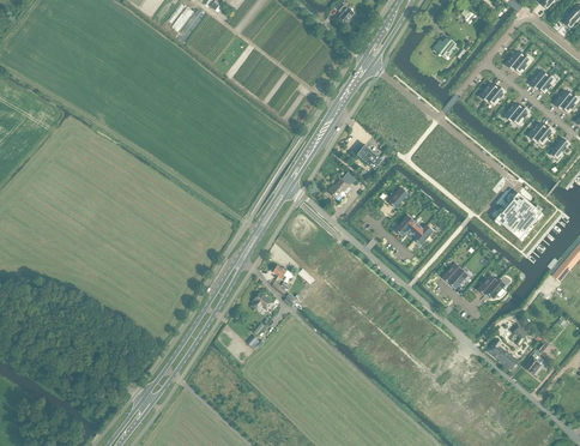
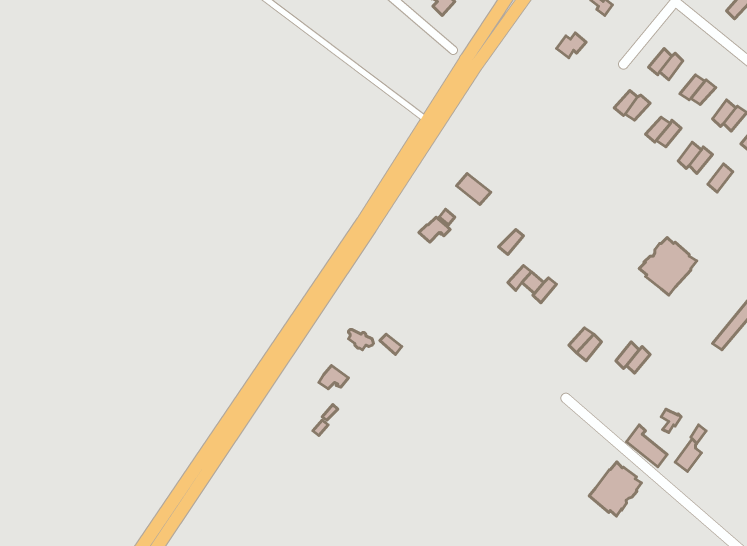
building: none -> [589,462,641,516]

